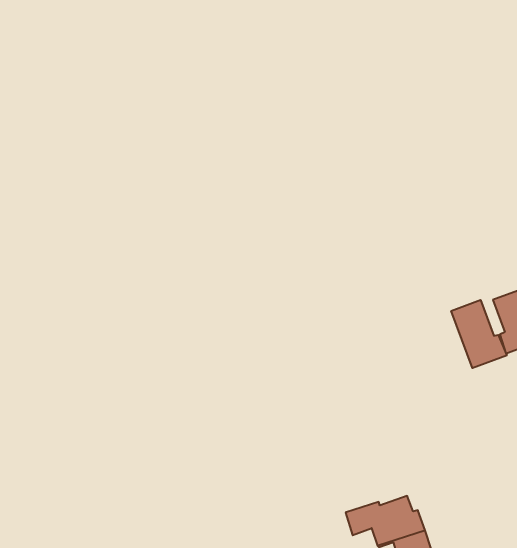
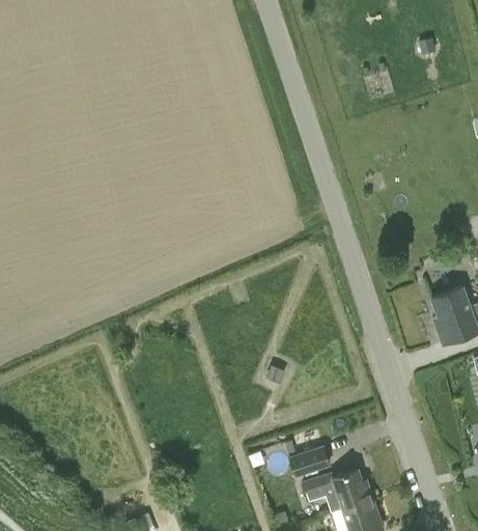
building: [451,300,507,368] -> none
building: none -> [289,447,331,479]

